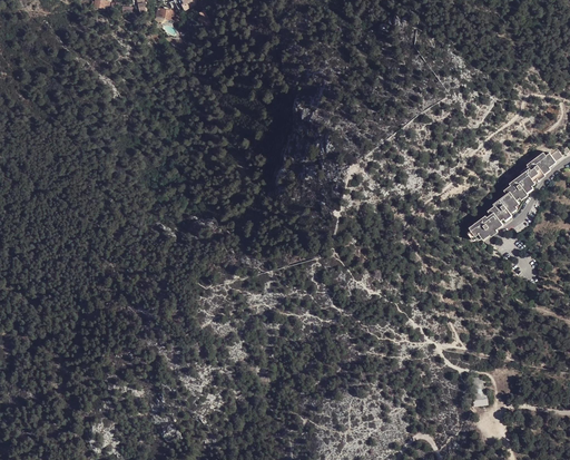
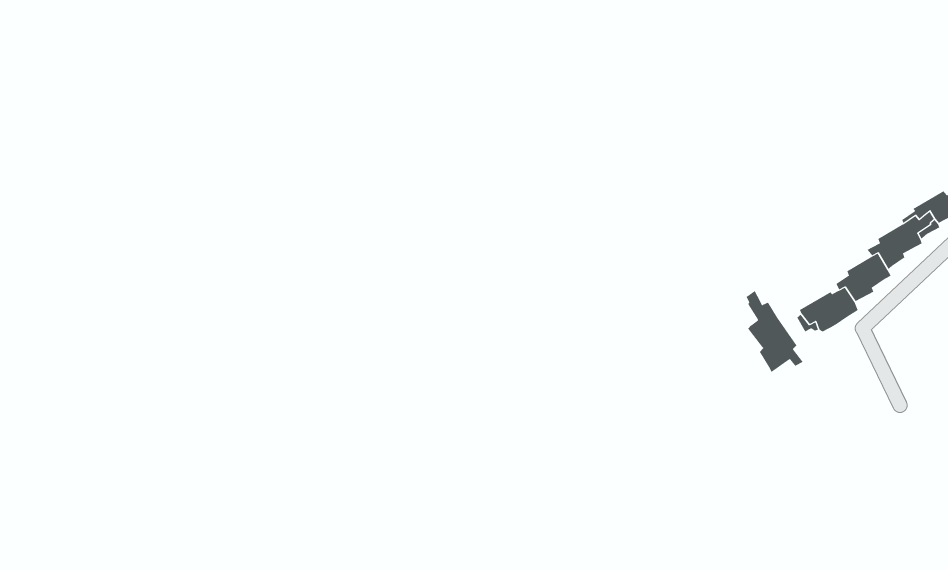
building: none -> [746,290,804,373]

